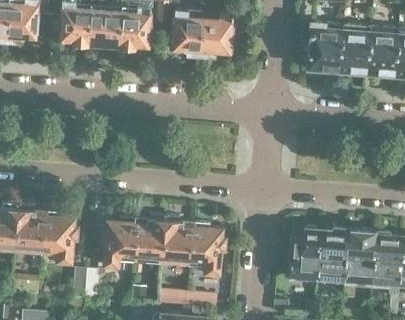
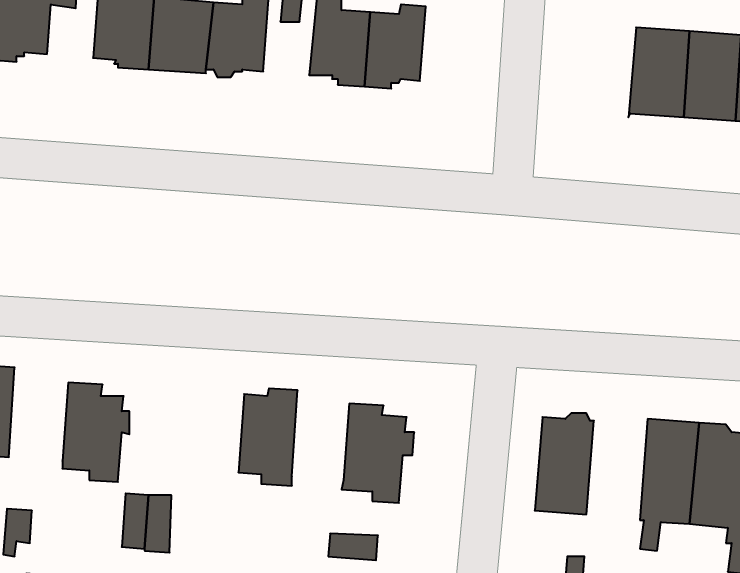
building: [305,23,341,72] -> none
building: [13,203,44,252] -> none
building: [161,215,191,262] -> none
building: [101,216,136,266] -> none
building: [315,229,347,283] -> none

